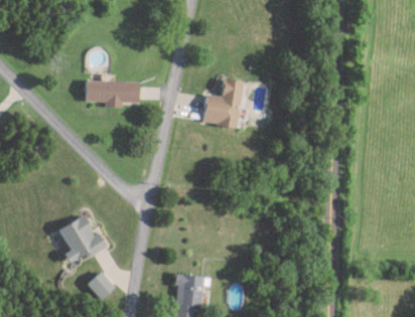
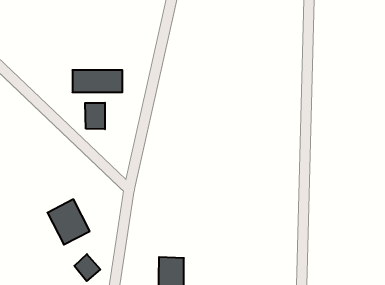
building: [201,77,242,127] -> none
building: none -> [85,103,105,129]

